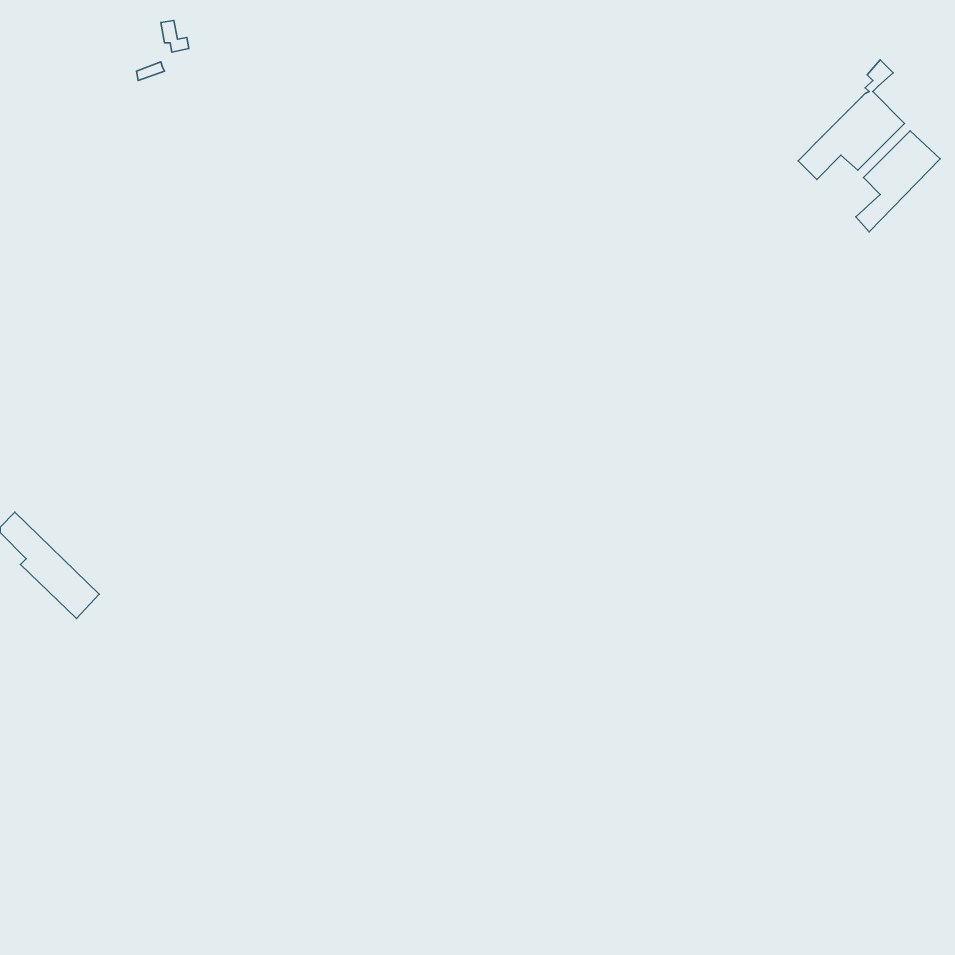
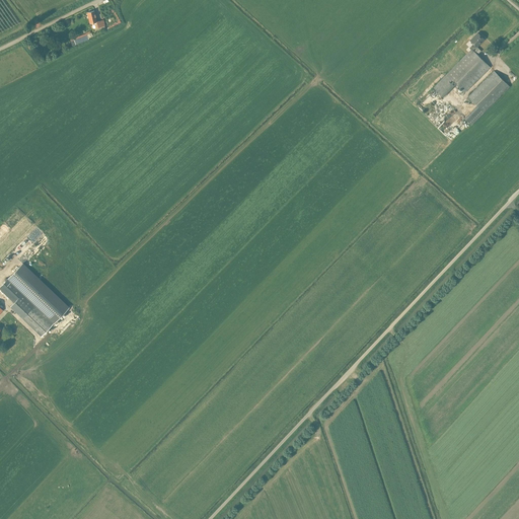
building: none -> [8,264,68,322]

